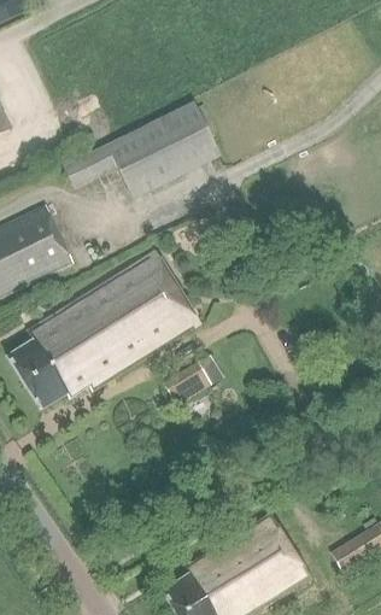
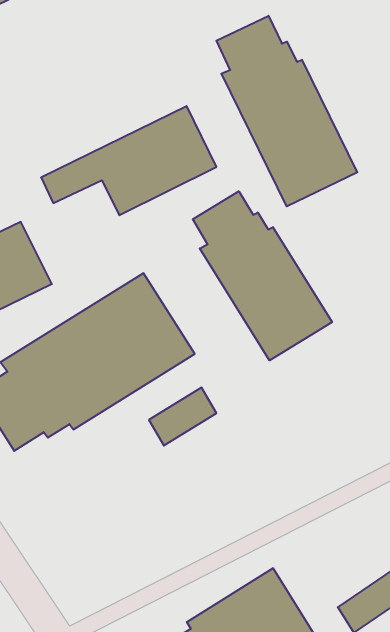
building: none -> [216,16,357,206]
building: none -> [193,191,332,360]

